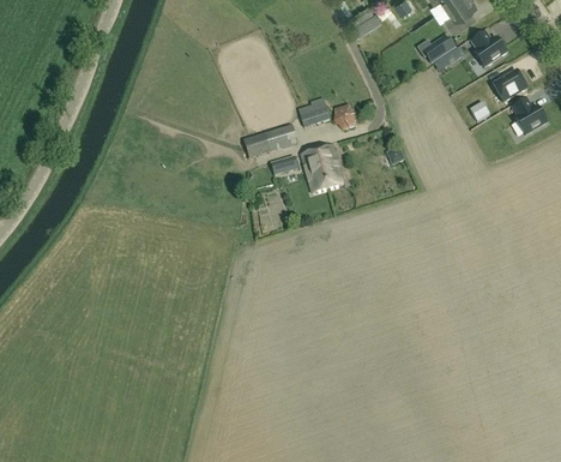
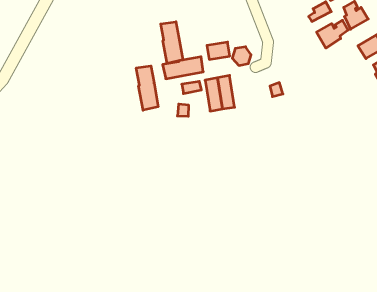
building: none -> [317,20,348,48]
building: none -> [161,22,183,63]
building: none -> [136,66,158,110]

